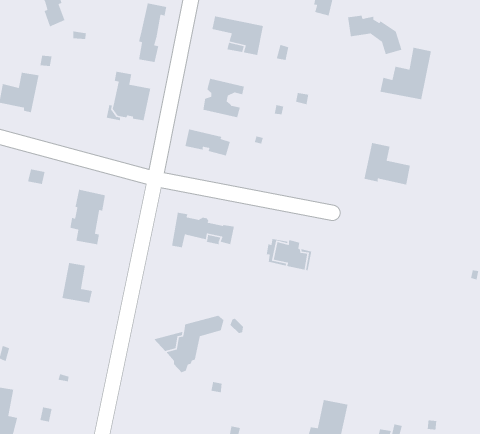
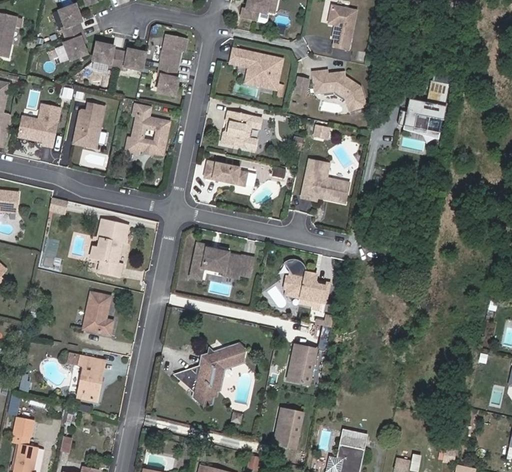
building: none -> [93,42,146,70]
building: [347,15,402,55] -> [312,70,367,110]
building: none -> [74,101,105,147]
building: [363,142,411,185] -> [302,159,349,202]
building: none -> [286,342,318,386]
building: none -> [77,356,103,400]
building: none -> [271,406,304,449]

